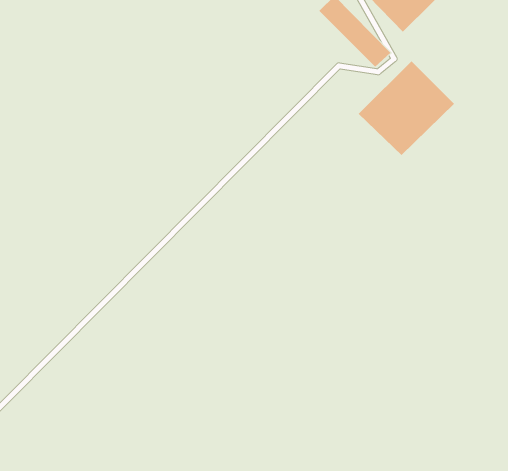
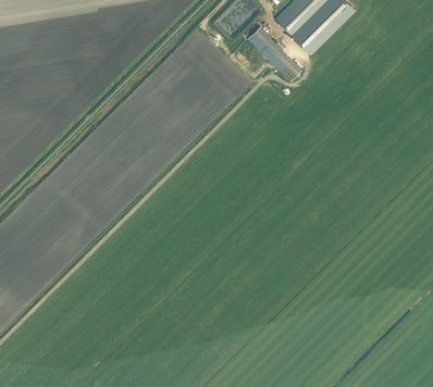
building: [358,60,455,156] -> none

